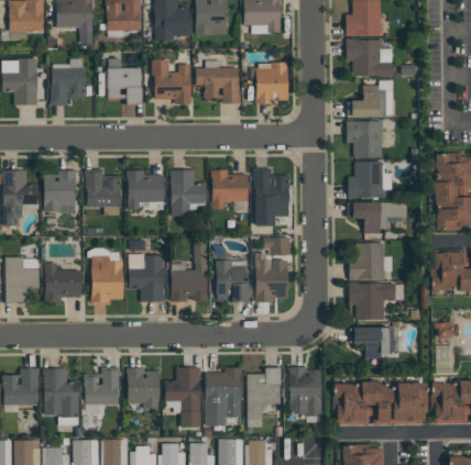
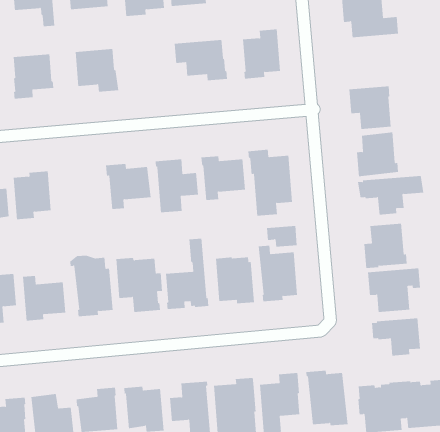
building: [152,60,193,104] -> none
building: [349,86,386,118] -> none
building: [85,170,121,207] -> none

